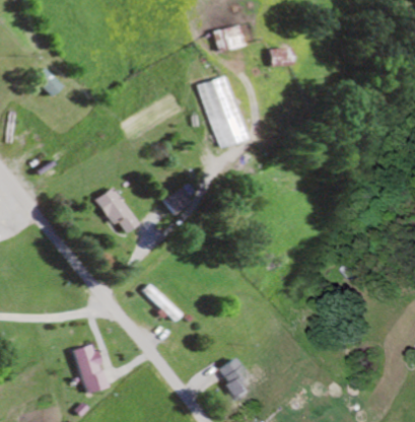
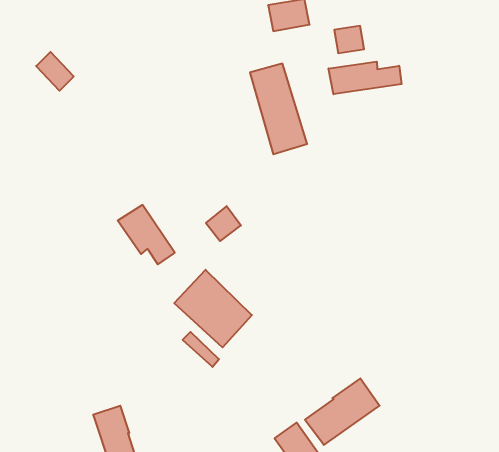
building: none -> [329,62,402,94]
building: none -> [174,270,252,347]
building: none -> [305,378,380,445]

